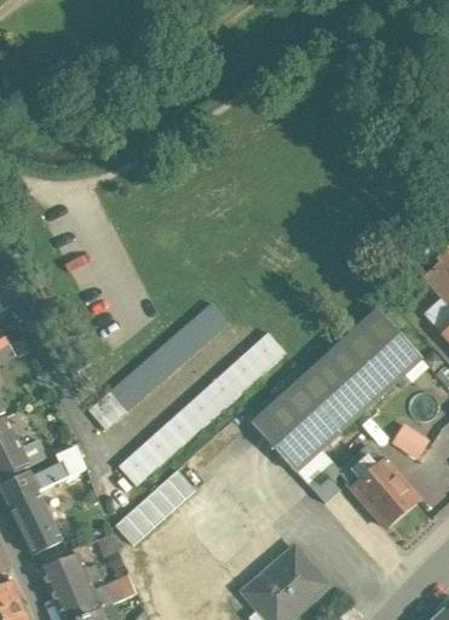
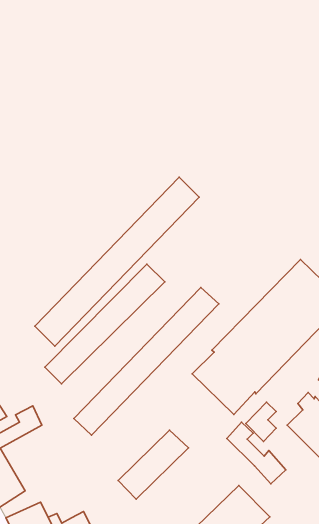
building: none -> [35,177,199,346]
building: [116,471,195,544] -> [118,430,188,499]
building: none -> [227,422,286,484]

